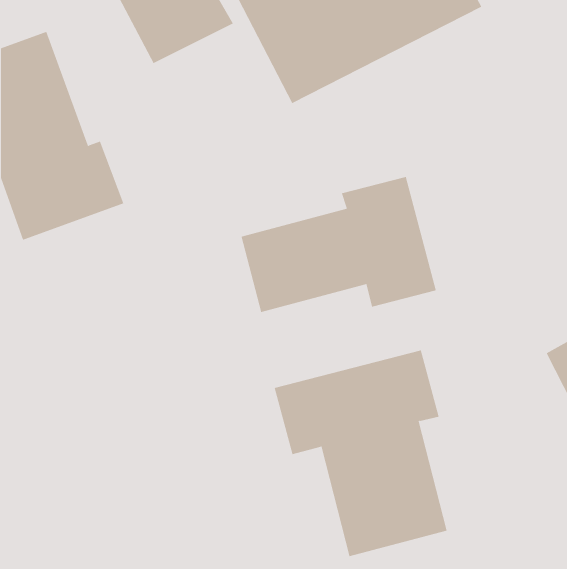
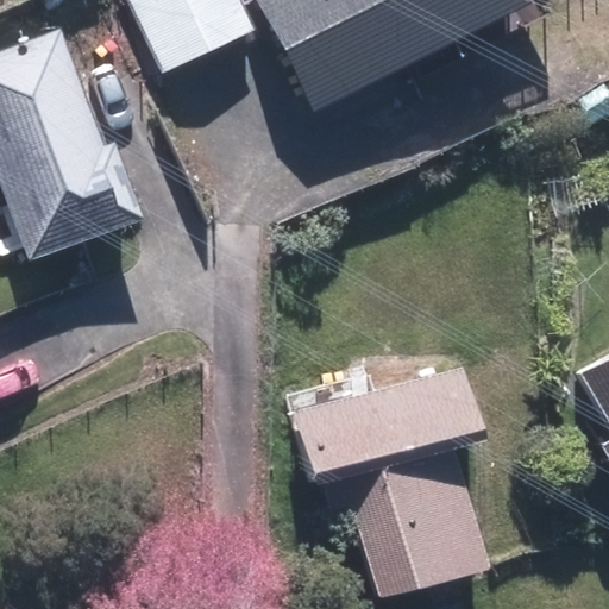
building: [241,176,437,313] -> none

